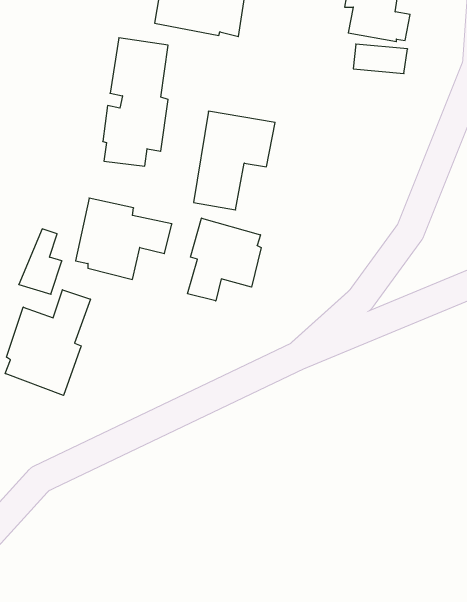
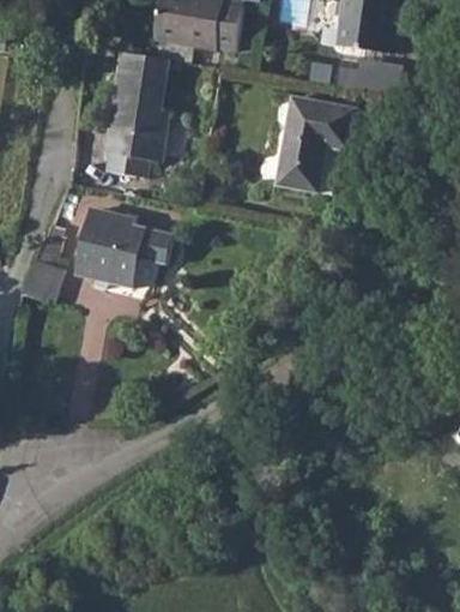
building: [194,111,275,210] -> [276,97,355,193]
building: [188,218,261,301] -> none
building: [5,290,90,395] -> none

